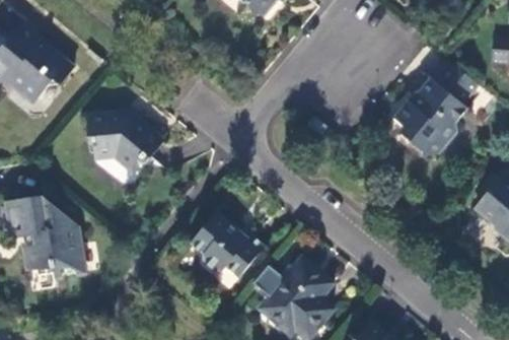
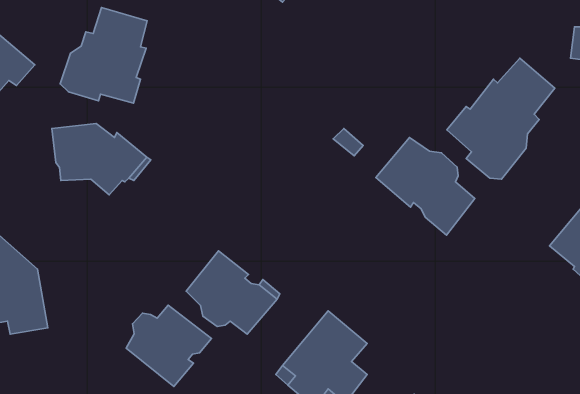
building: none -> [60,8,147,103]
building: none -> [376,137,475,235]
building: none -> [126,305,211,386]

